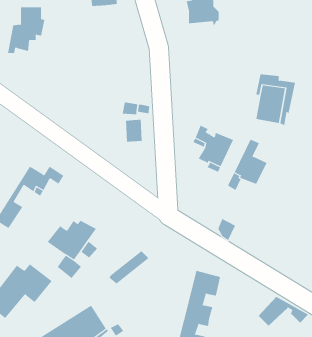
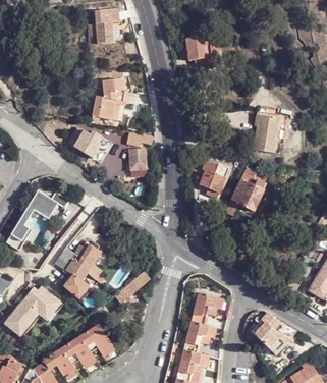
building: [7,7,45,54] -> [92,78,127,122]
building: none -> [70,124,111,158]

